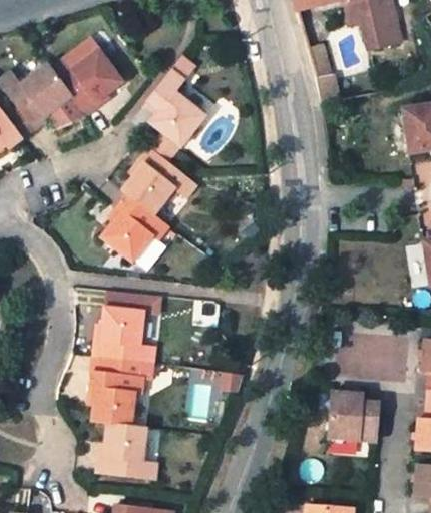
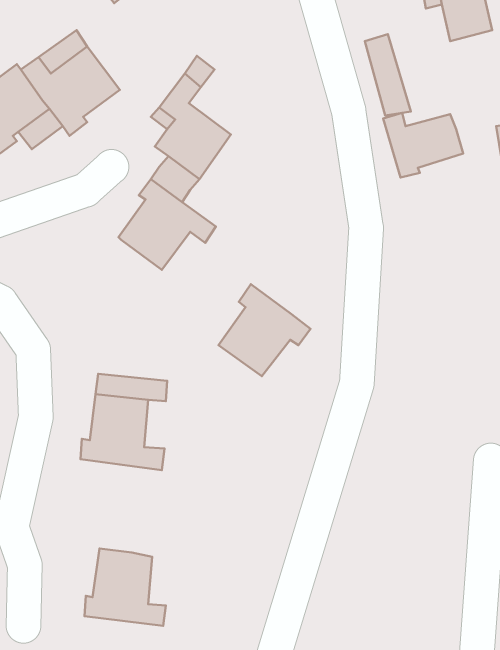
building: none -> [383,113,463,177]
building: [100,193,168,262] -> [218,284,311,376]
building: [90,356,143,425] -> none
building: [331,392,381,442] -> none

